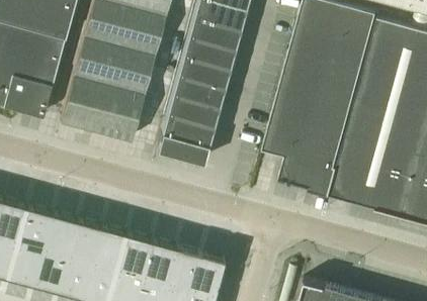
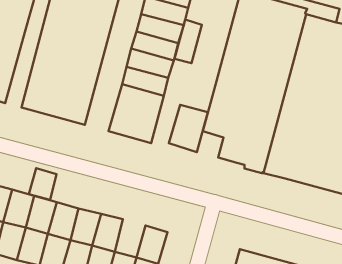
building: none -> [174,19,202,63]
building: none -> [169,105,208,152]
building: none -> [29,168,56,200]
building: [164,249,198,292] -> none

